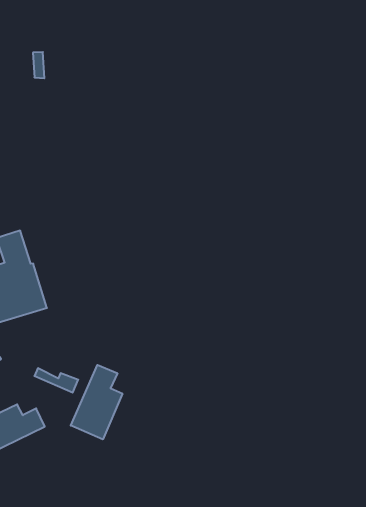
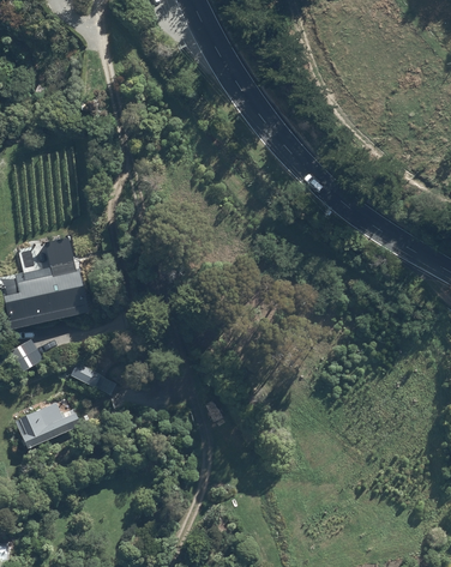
building: [71,365,122,439] -> none

